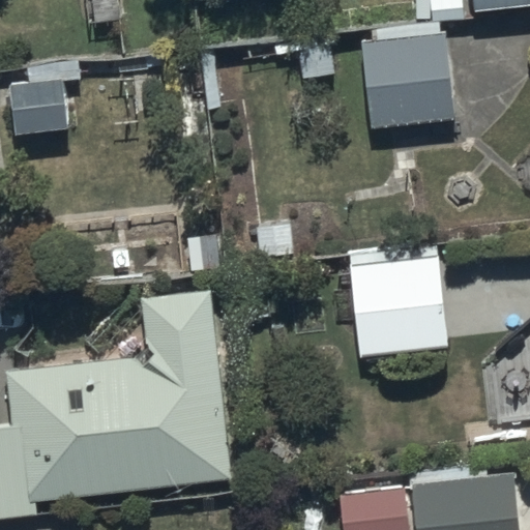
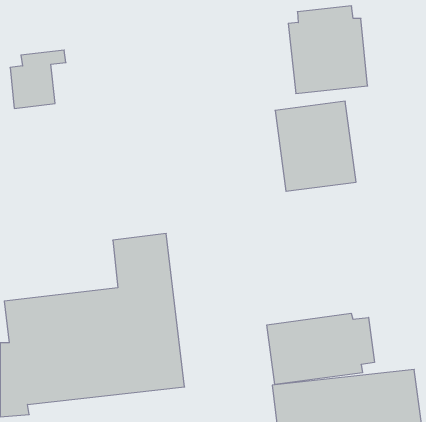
building: [345,241,445,353] -> [275,101,356,191]
building: none -> [267,313,374,384]

